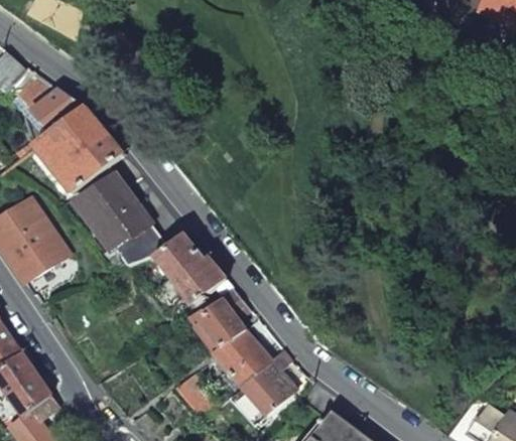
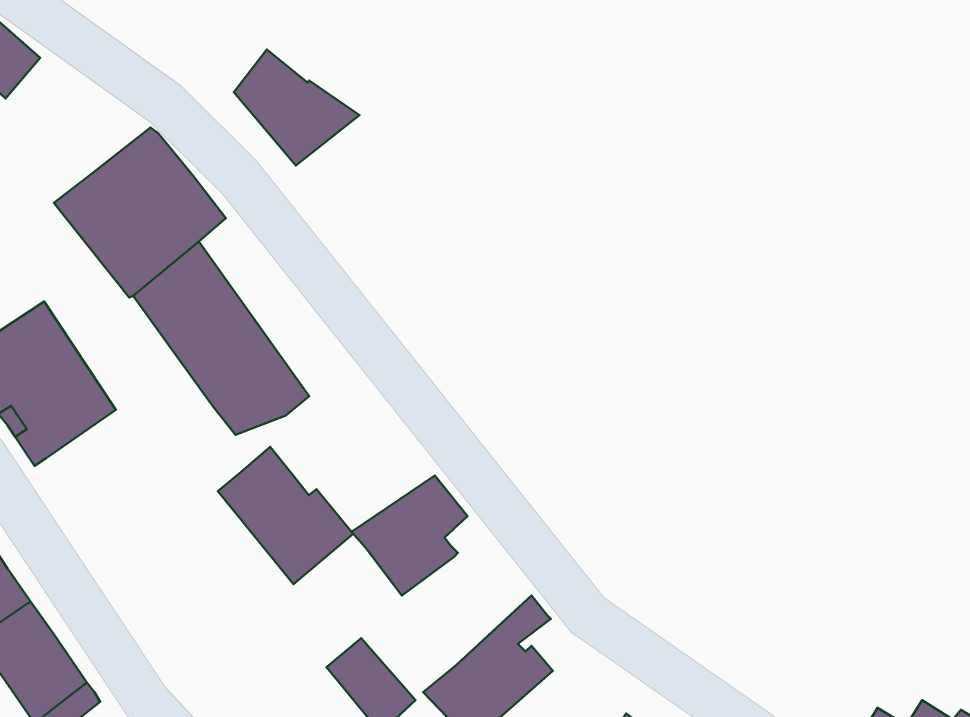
building: [18,71,84,132] -> [234,49,360,166]
building: [154,233,225,304] -> [218,447,353,584]
building: [214,329,269,386] -> none

